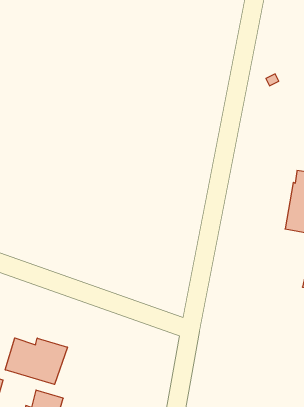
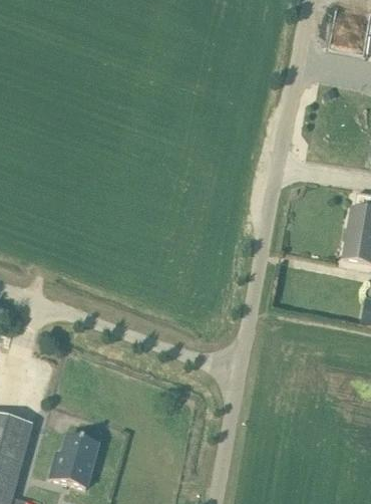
building: [5,338,67,384] -> none

